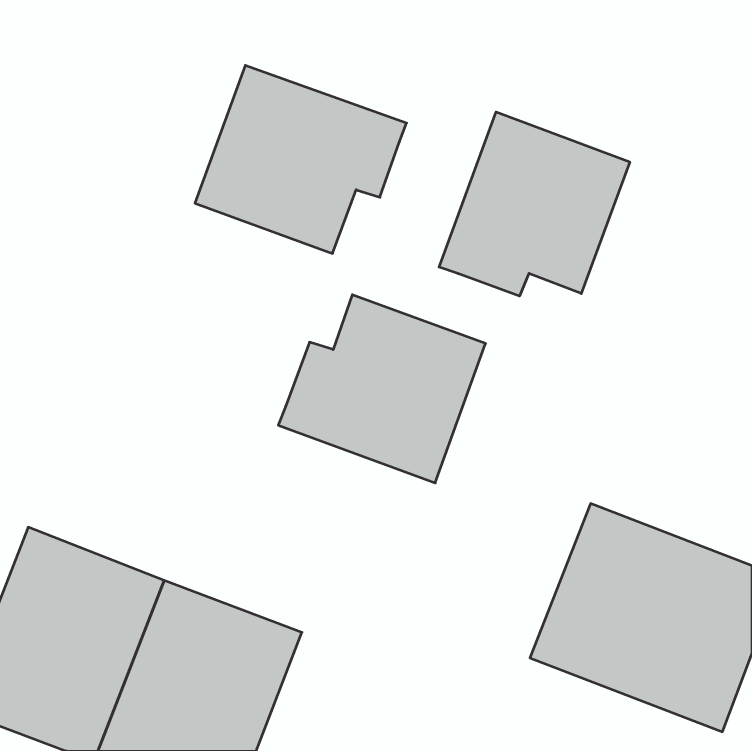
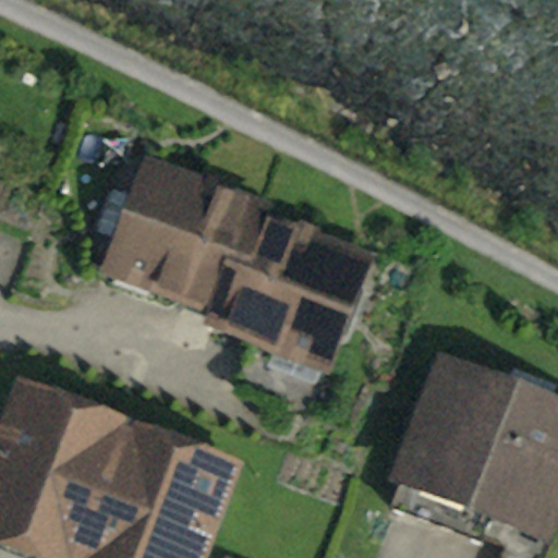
building: [195,65,407,253] -> [109,160,265,299]
building: [439,112,630,296] -> none

